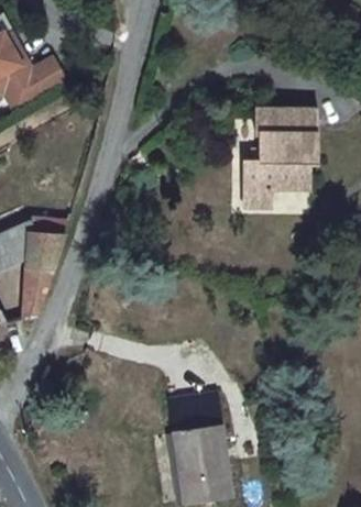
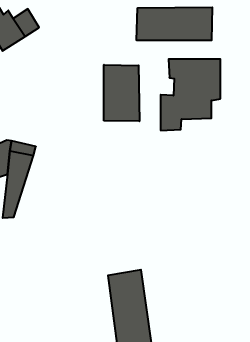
building: none -> [137,7,212,40]
building: none -> [104,65,139,121]

